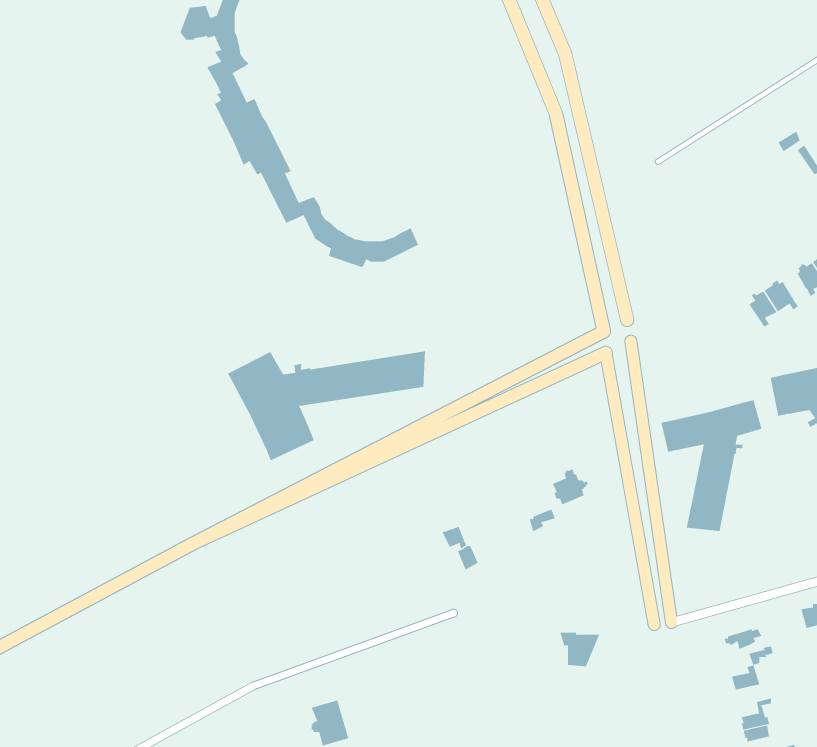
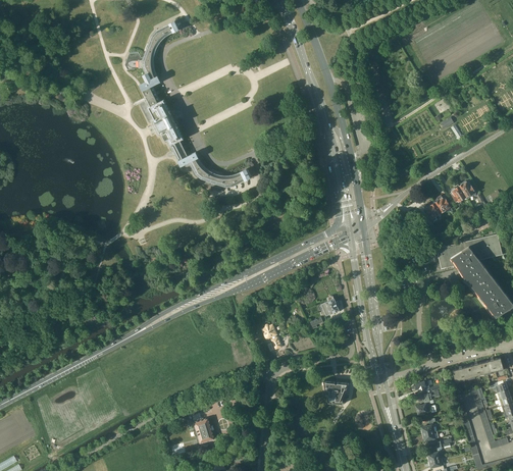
building: [228,350,426,461] -> none
building: [661,399,762,532] -> none

